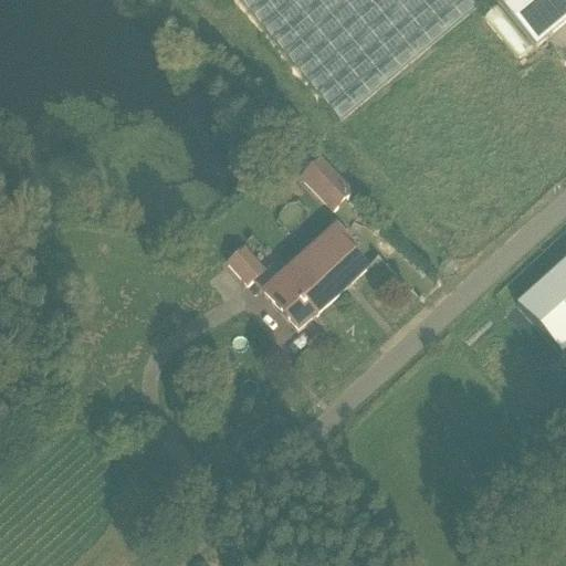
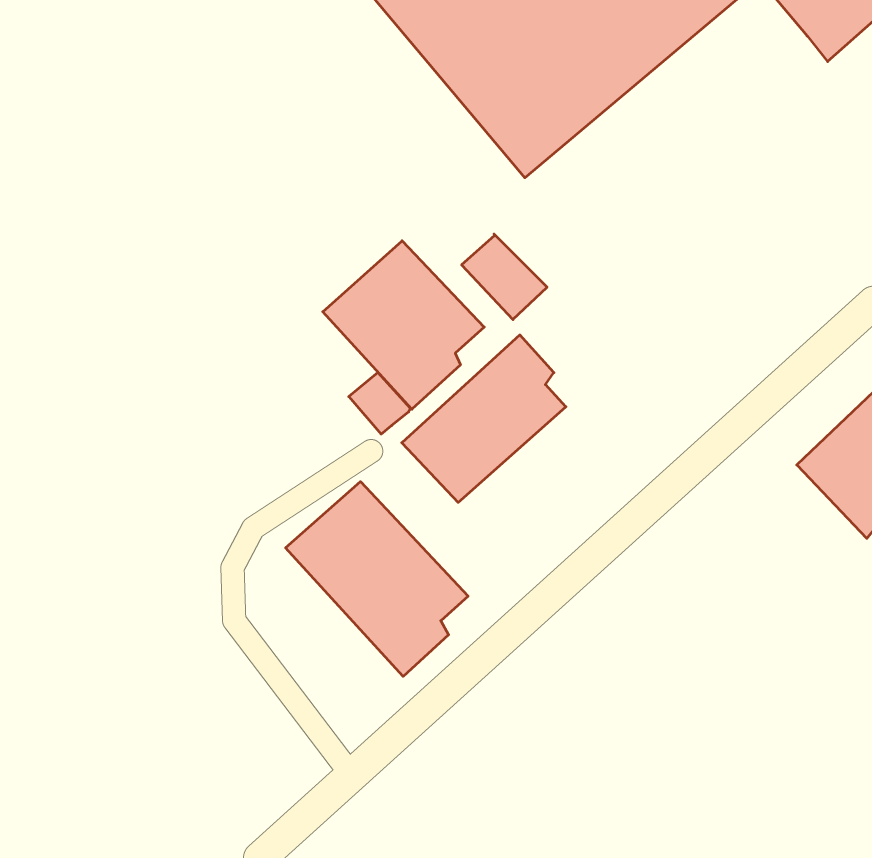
building: none -> [323,241,484,409]
building: none -> [286,482,468,676]

